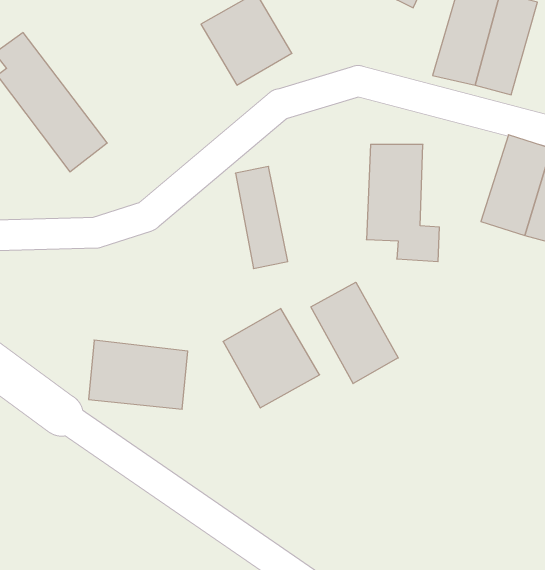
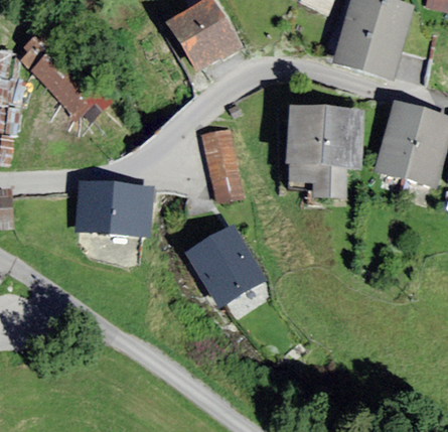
building: none -> [330,109,366,169]
building: [311,282,398,384] -> none
building: [89,340,188,409] -> [79,182,151,233]

